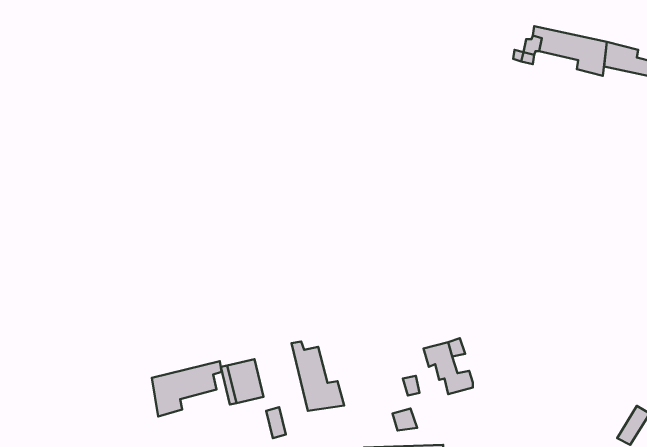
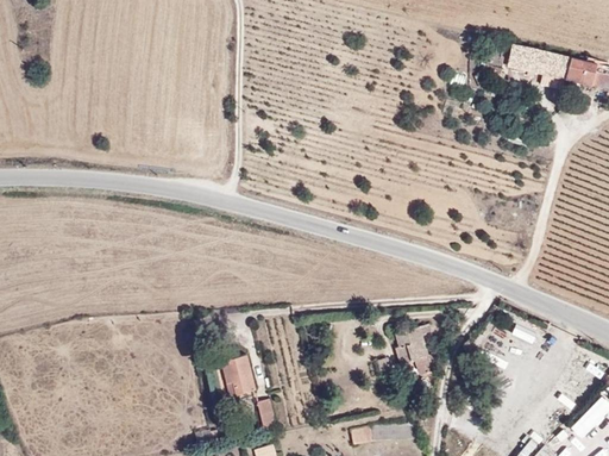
building: [291,342,344,411] -> none
building: [152,361,222,416] -> none

